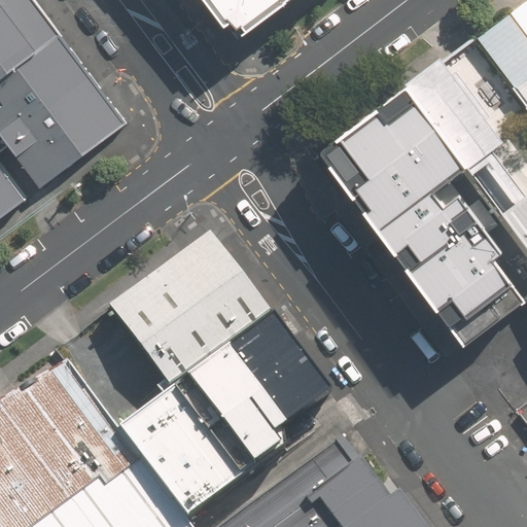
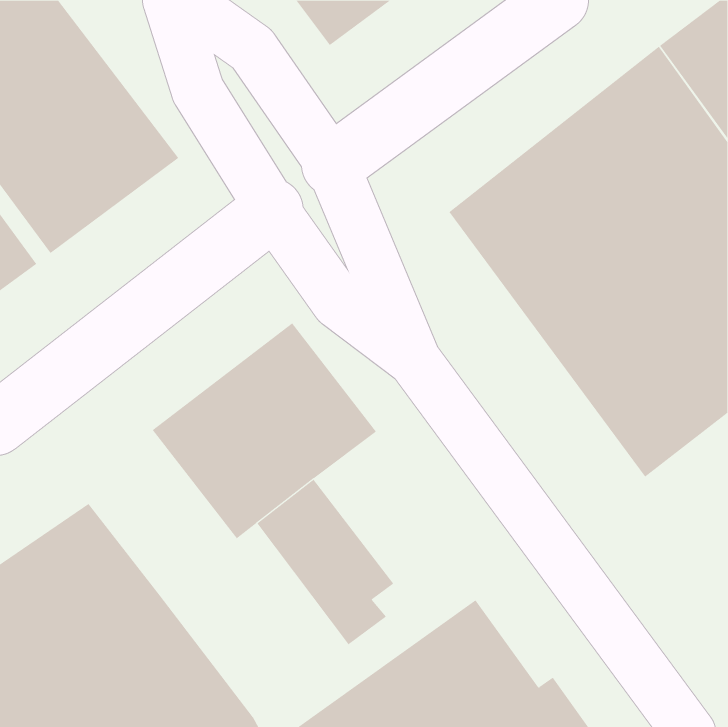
building: [225,314,326,423] -> none
building: [115,380,250,519] -> none

